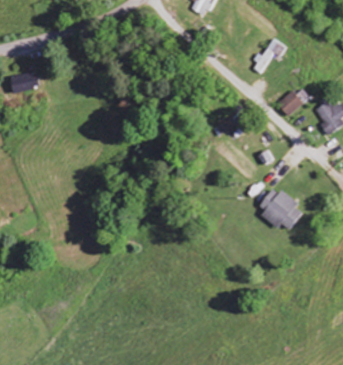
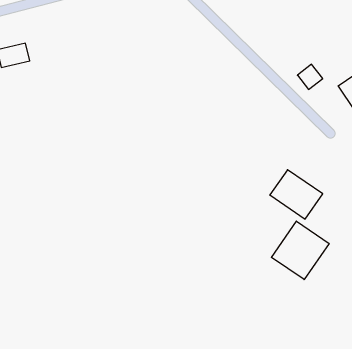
building: [252,38,286,73] -> none
building: none -> [271,221,329,280]

